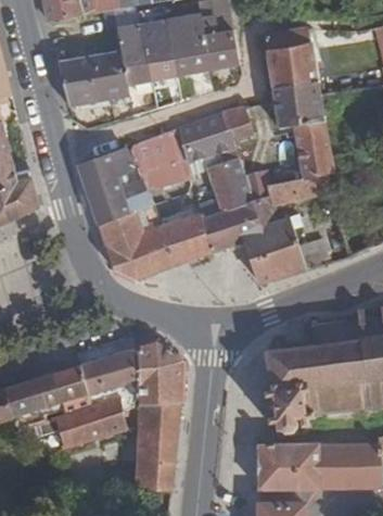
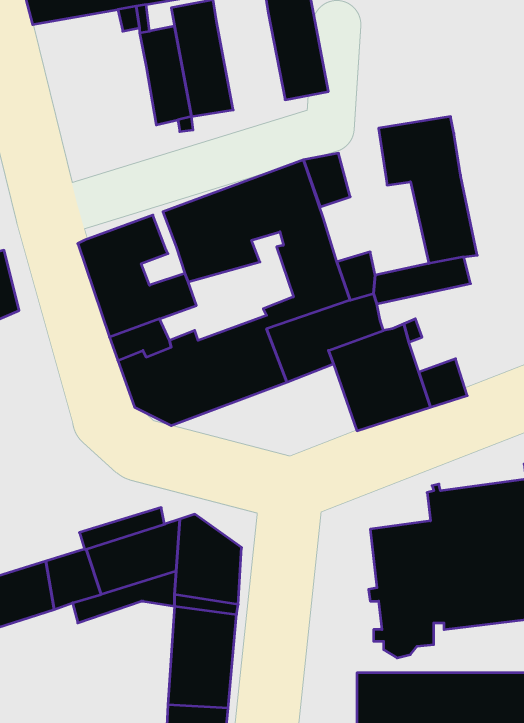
building: [166,15,210,78] -> none
building: [265,28,318,90] -> none
building: [55,50,130,109] -> none
building: [37,398,127,446] -> none

